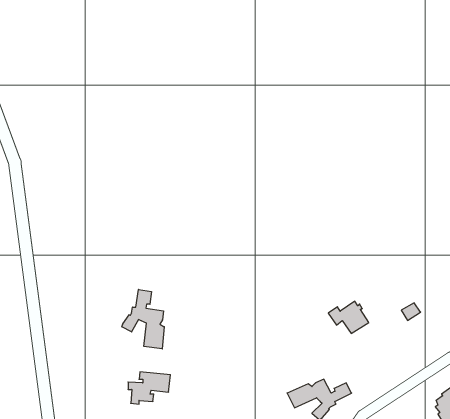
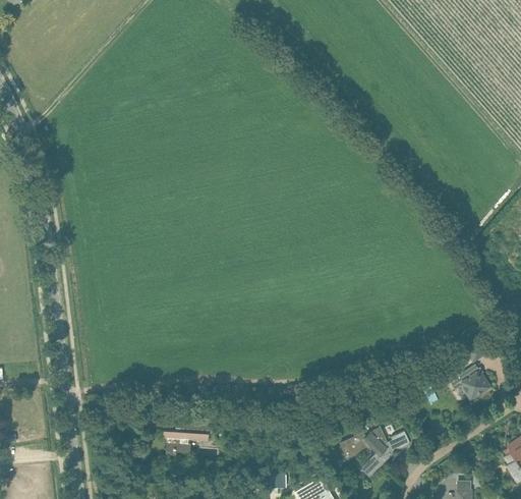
building: [122,289,164,349] -> none
building: [328,301,369,333] -> [446,365,490,400]

